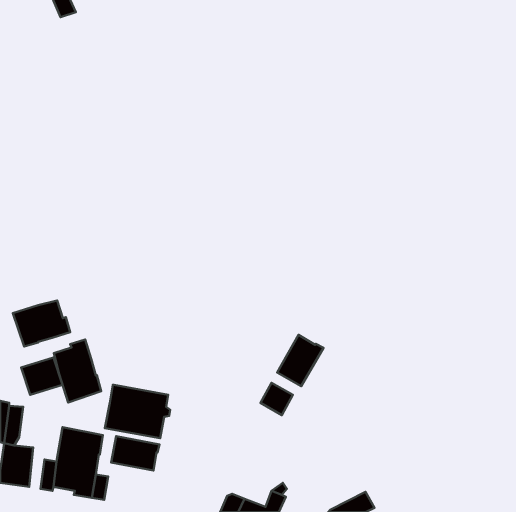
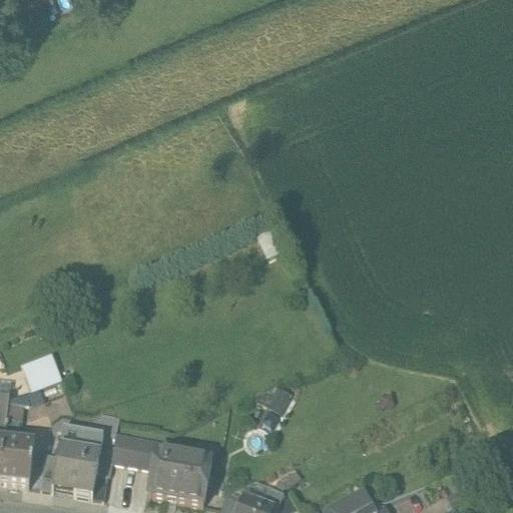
building: [13,301,70,347] -> none
building: [277,335,323,386] -> none
building: [54,340,101,402] -> none
building: [105,385,170,438] -> [147,449,212,502]

